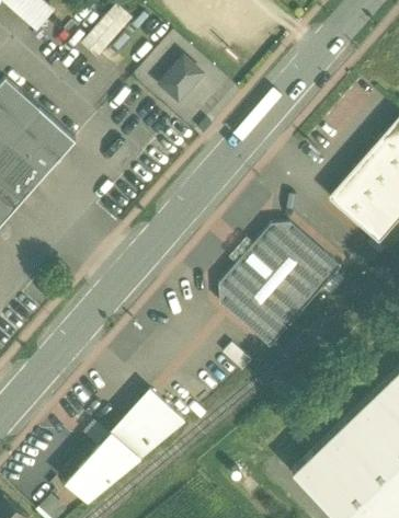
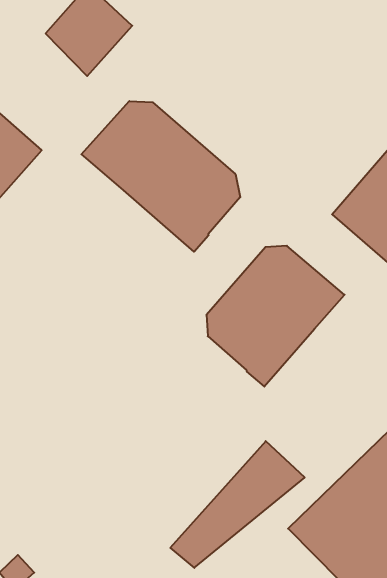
building: [160,58,203,102] -> none
building: none -> [81,101,240,252]
building: [67,391,184,502] -> [170,441,305,568]

